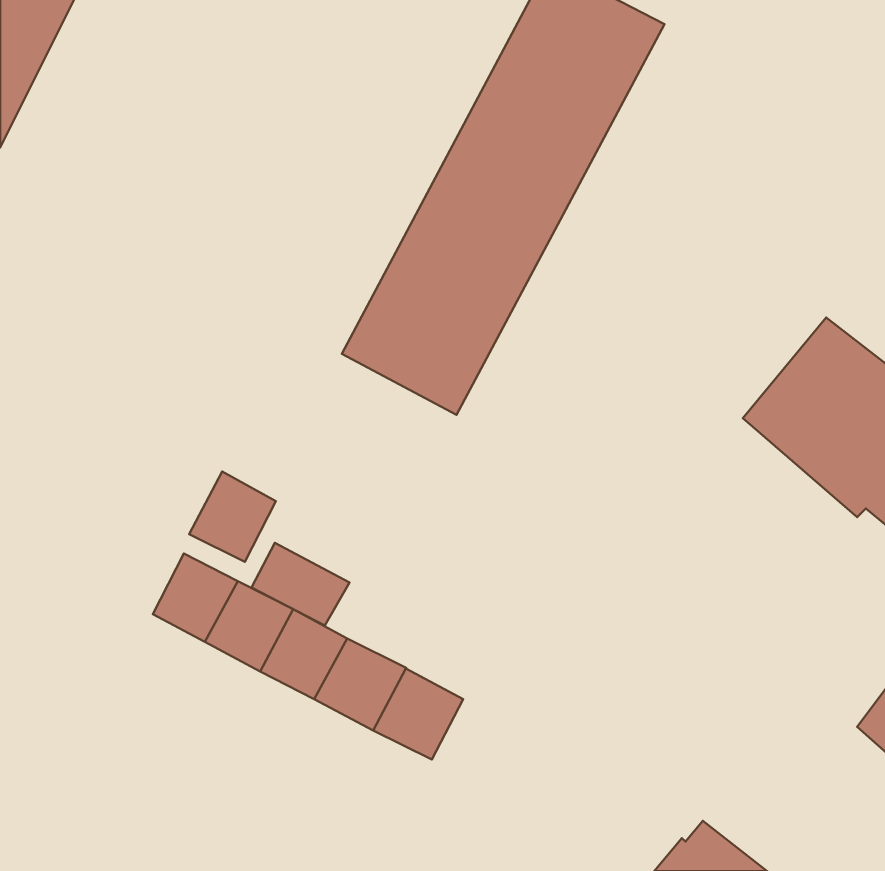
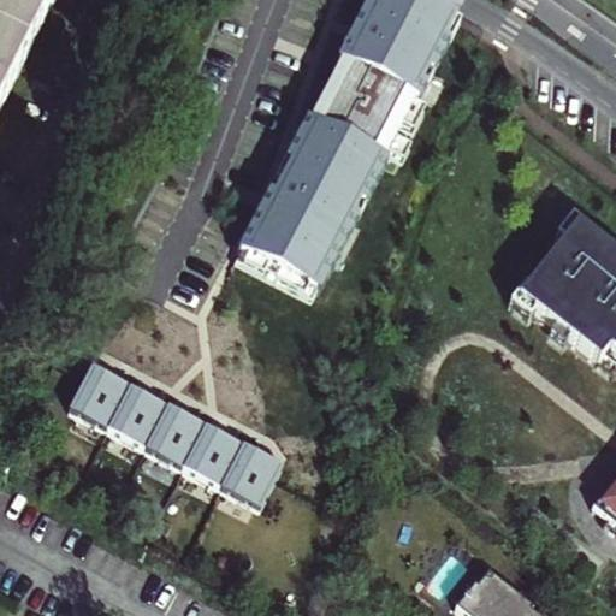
building: [189,472,276,562] -> [69,363,129,426]
building: [252,543,350,625] -> none
building: [373,669,463,760] -> none

